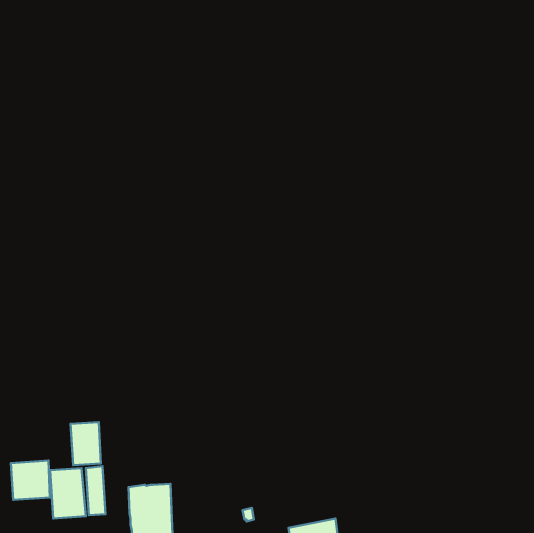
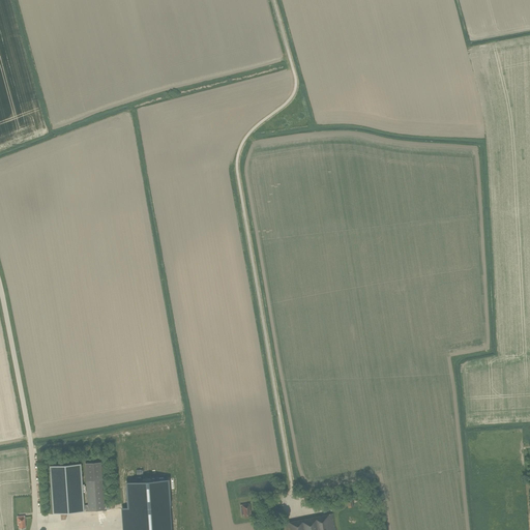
building: [70,422,101,465] -> none
building: [11,461,50,500] -> none

